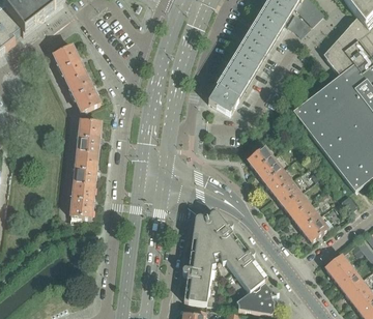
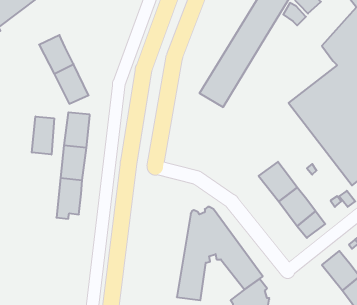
building: none -> [32,116,54,155]
building: [246,145,283,180] -> none

